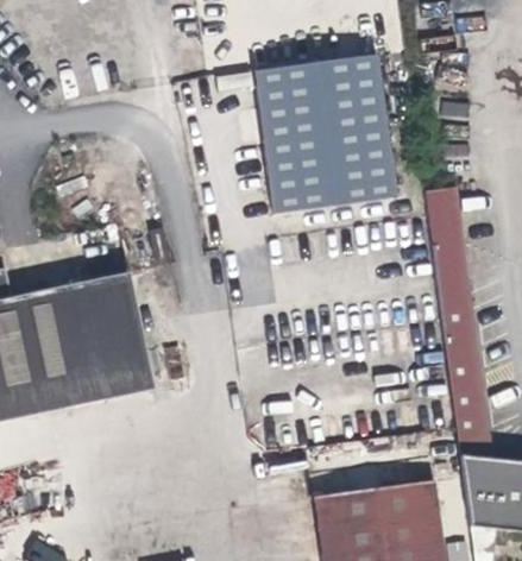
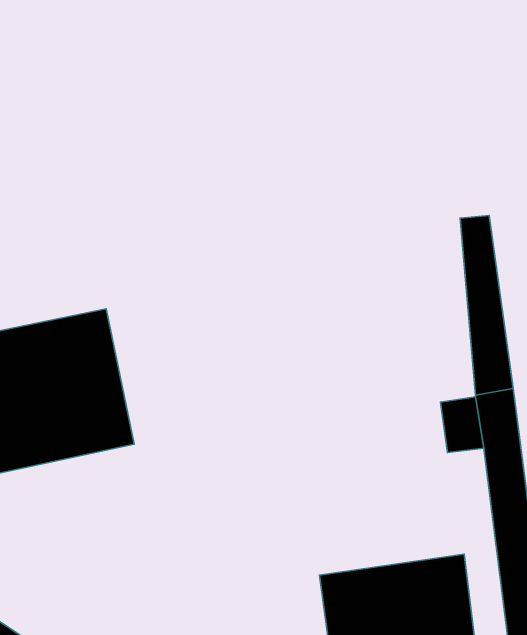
building: [254,55,398,215] -> none

